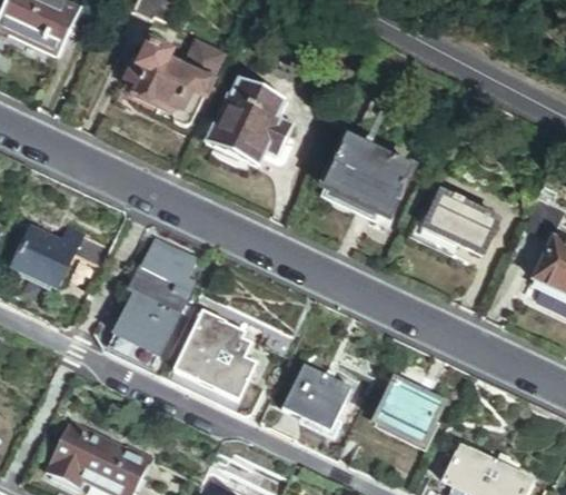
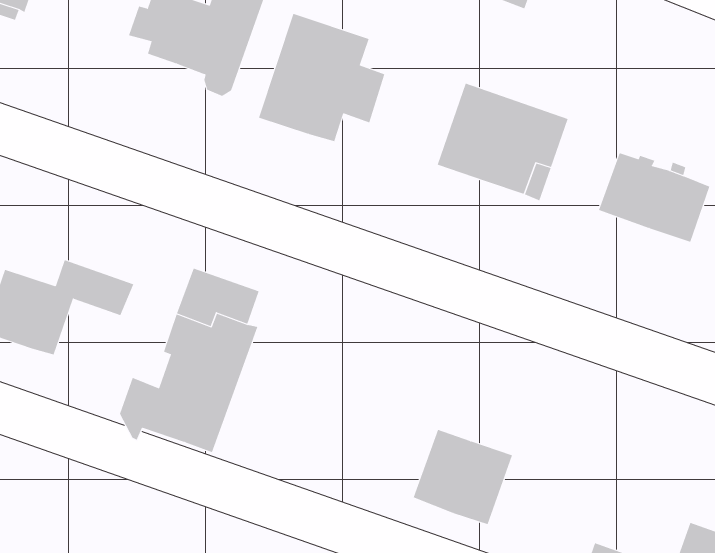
building: [158,307,258,412] -> none
building: [374,377,441,442] -> none

